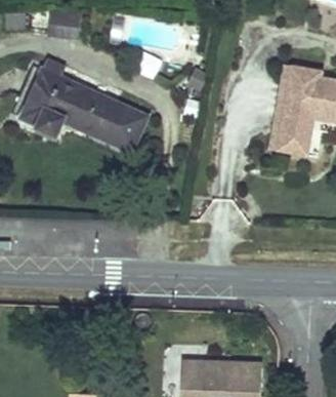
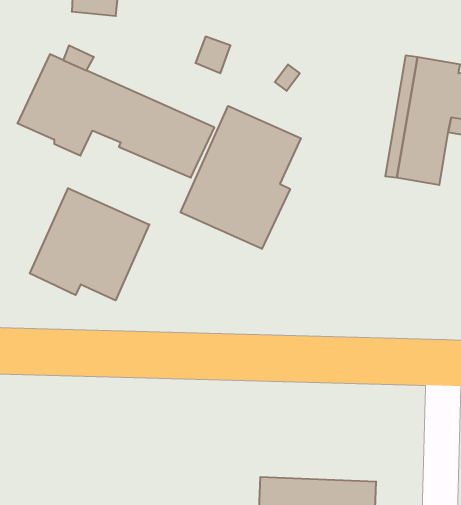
building: none -> [181,106,301,249]
building: none -> [30,188,149,300]

